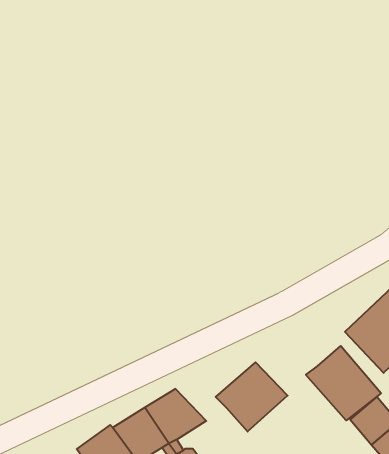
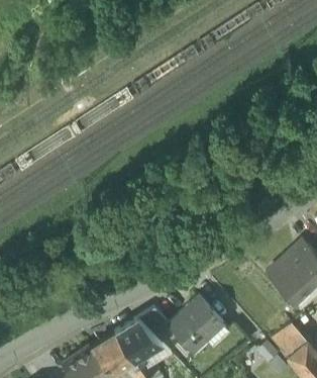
building: [306,346,381,420] -> none
building: none -> [138,308,177,342]

